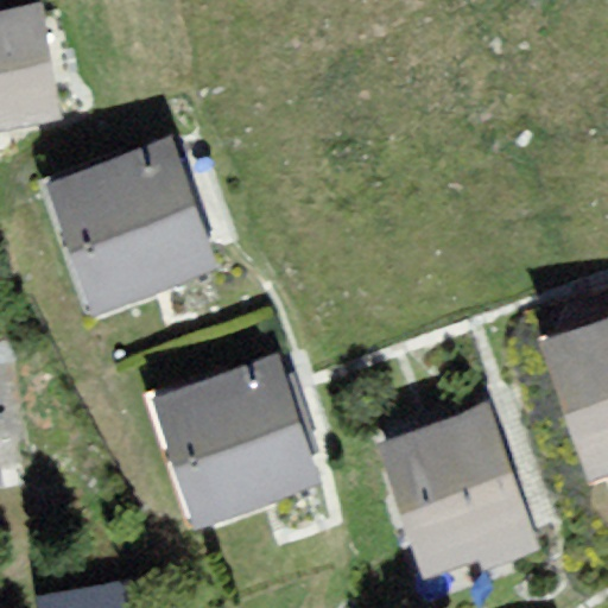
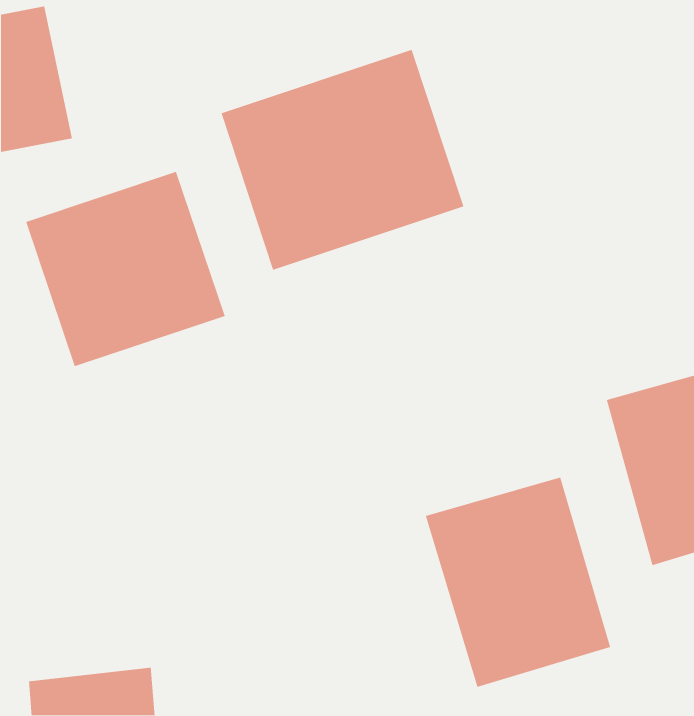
building: none -> [220,49,464,271]
building: [152,357,318,522] -> none

